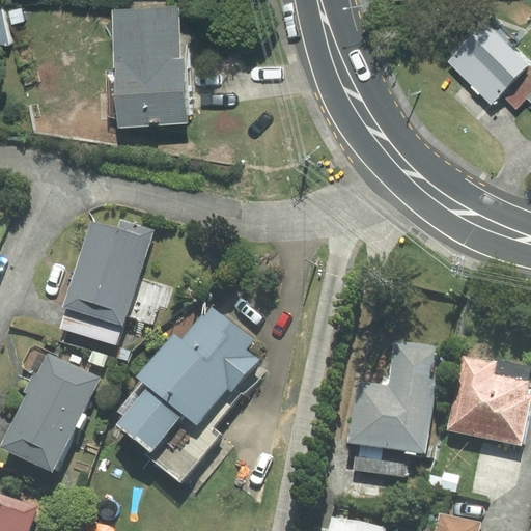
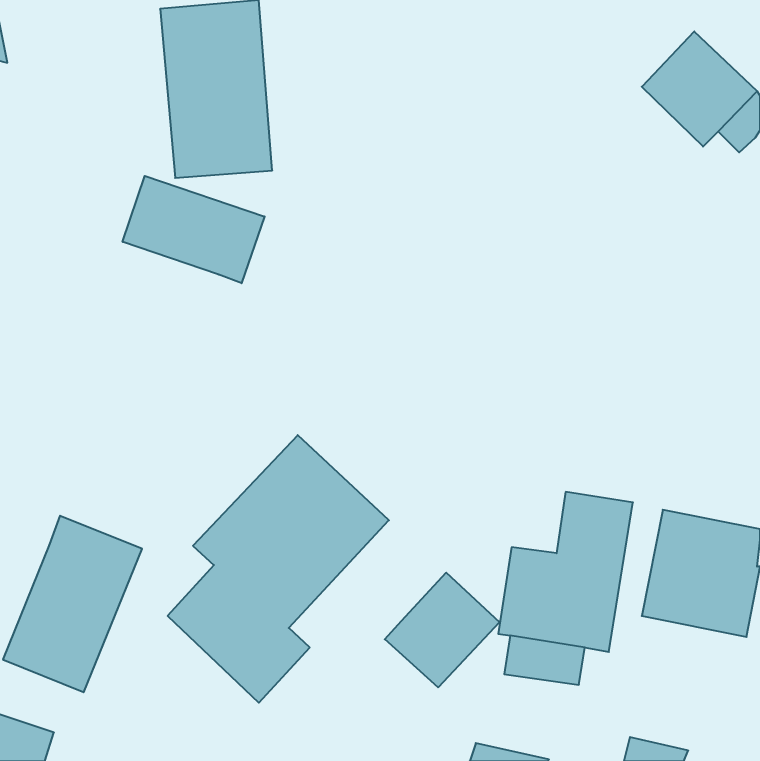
building: none -> [123,176,265,283]
building: [58,225,170,347] -> none
building: none -> [385,573,499,687]

